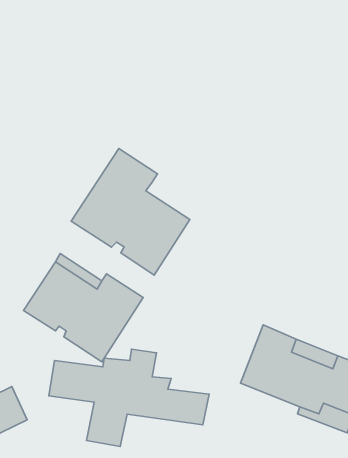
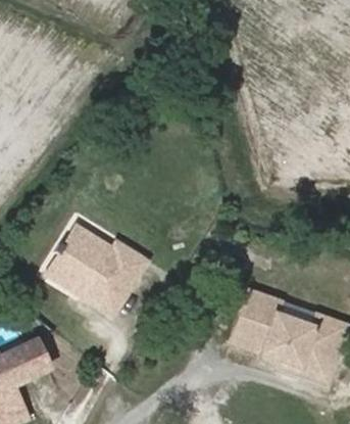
building: [71,148,190,275] -> none
building: [49,349,209,446] -> none

